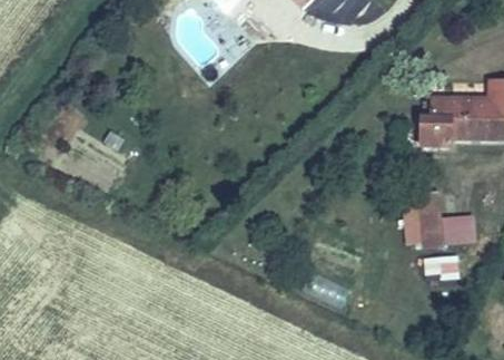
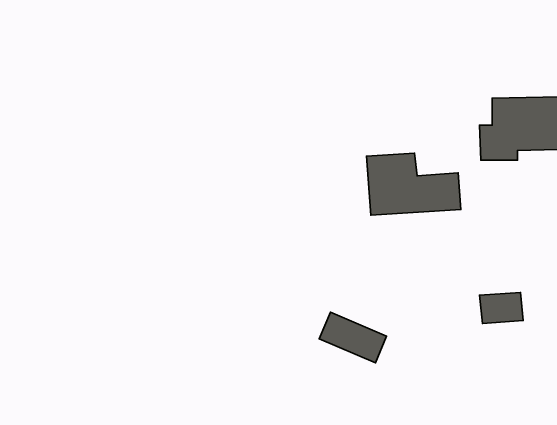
building: [401,197,475,246] -> [367,153,461,215]

